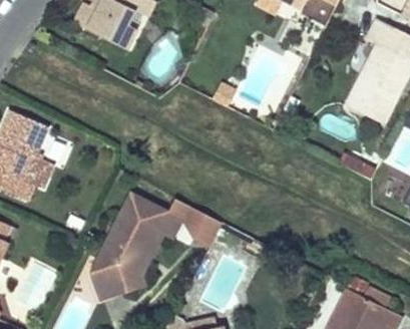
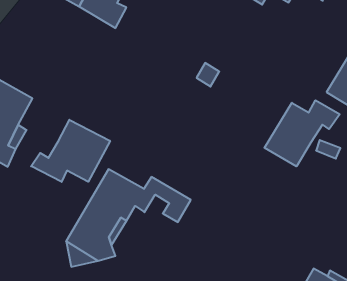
building: none -> [264,100,340,166]
building: none -> [31,120,110,182]

